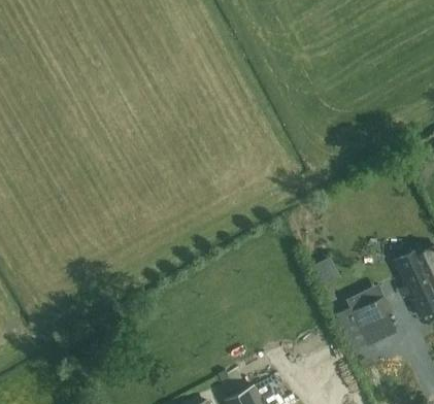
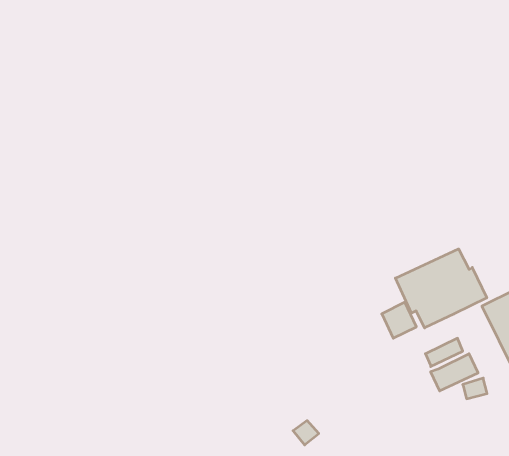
building: none -> [395,249,487,328]

